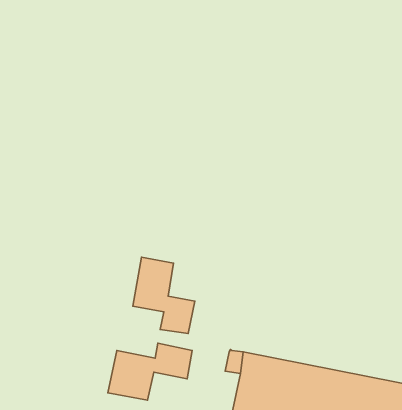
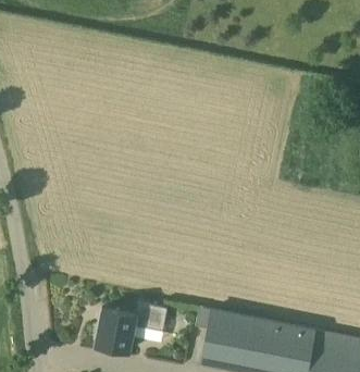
building: [133,257,195,334] -> none

